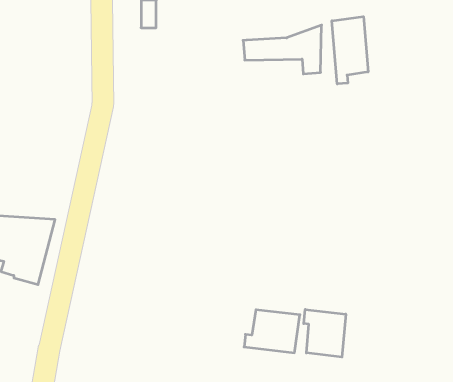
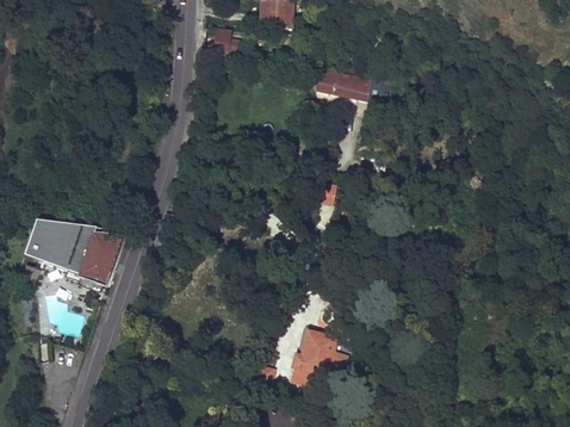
building: [332,17,368,84] -> none
building: [304,309,346,357] -> none

